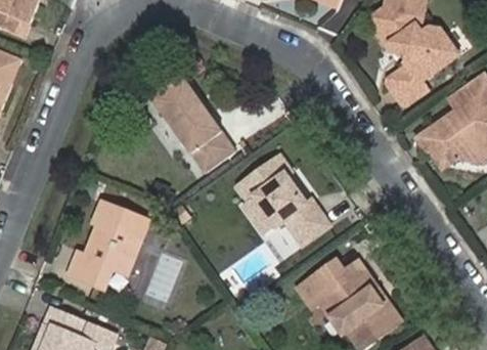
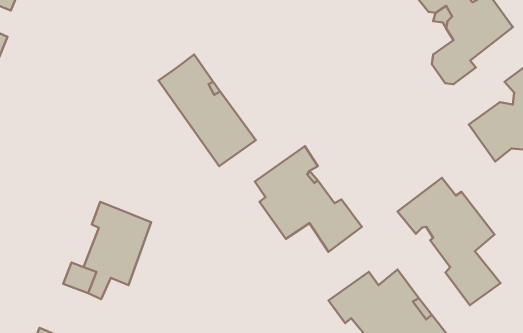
building: none -> [398,178,501,305]

